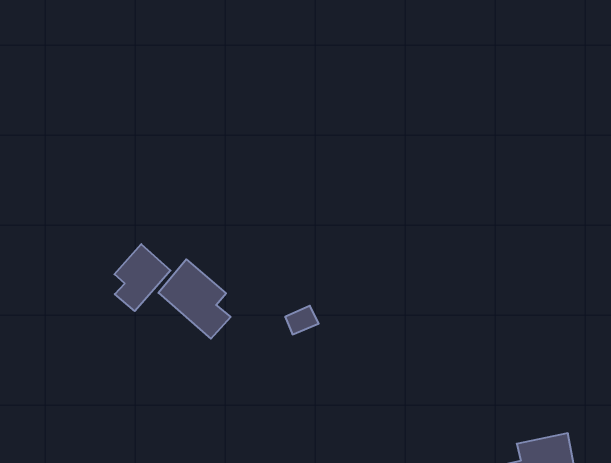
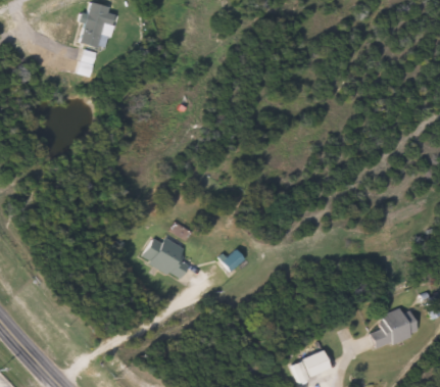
building: [114,244,171,311] -> none

